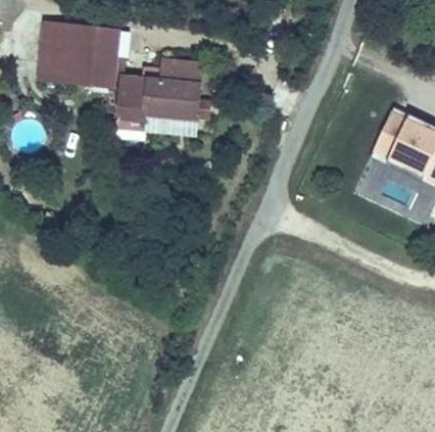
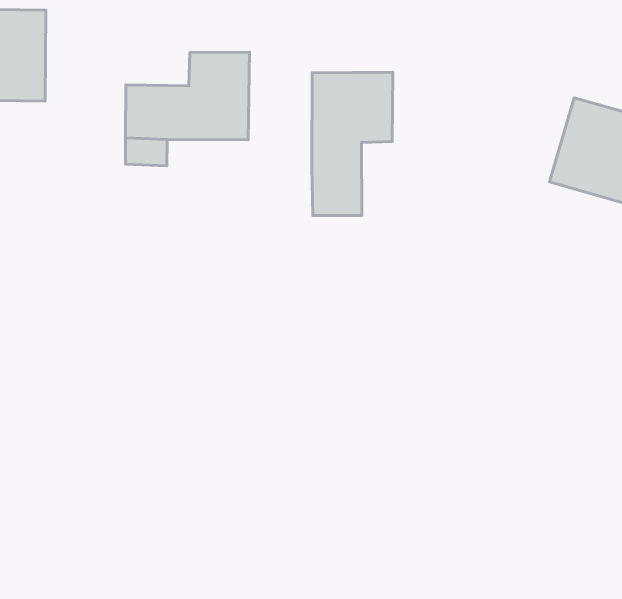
building: [69,22,117,84] -> none
building: none -> [312,72,393,216]

